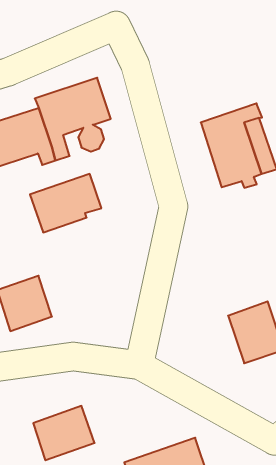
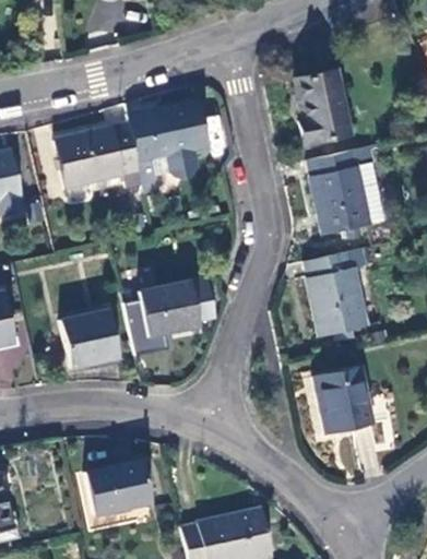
building: none -> [295,71,348,144]
building: [30,174,101,232] -> [138,277,215,336]
building: none -> [304,247,372,337]

